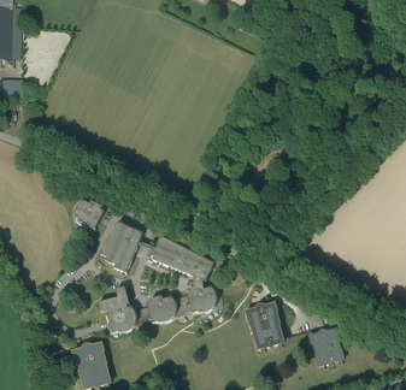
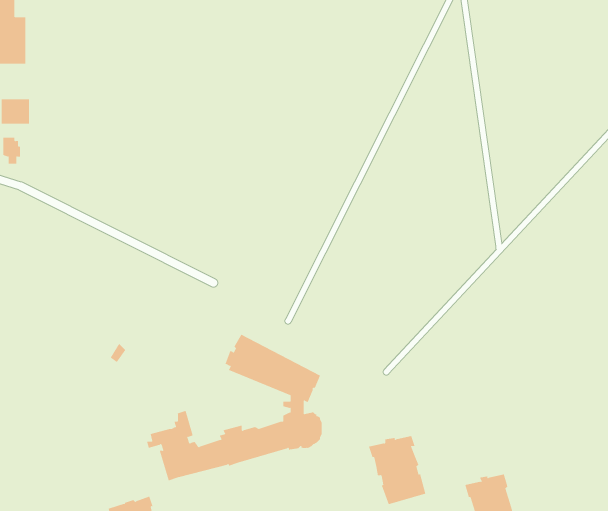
building: [73,199,104,229] -> none
building: [100,220,142,272] -> none

